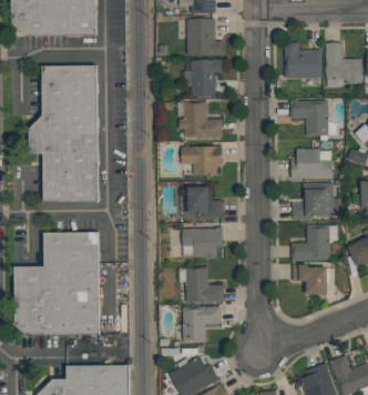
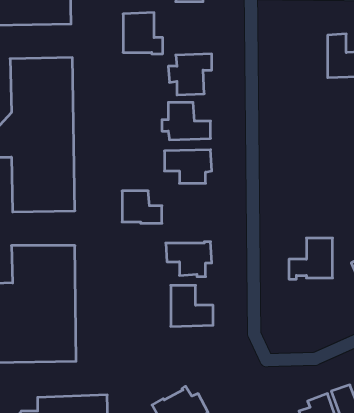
building: [186,19,222,55] -> [123,13,163,54]
building: [283,42,320,79] -> none
building: [288,100,327,136] -> none
building: [290,148,330,179] -> none
building: [290,182,339,219] -> none
building: [186,188,222,216] -> [122,191,162,223]
building: [292,265,325,294] -> none
building: [182,305,221,342] -> none

